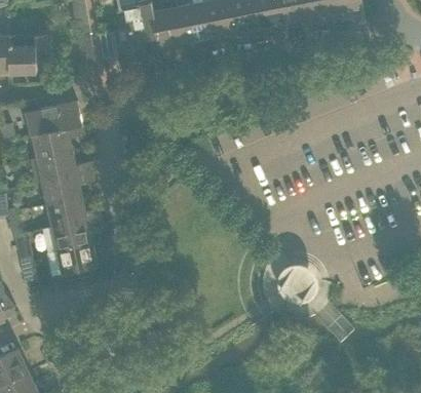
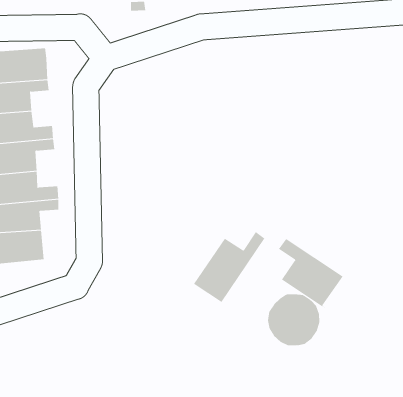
building: none -> [193,231,265,303]
building: none -> [278,238,344,314]

